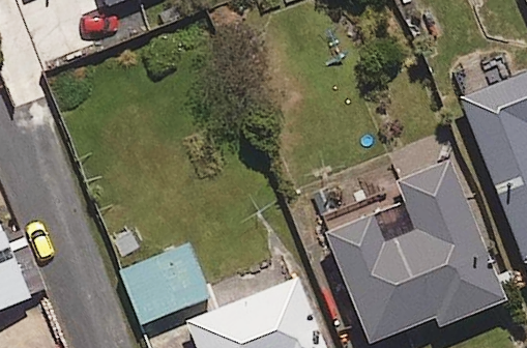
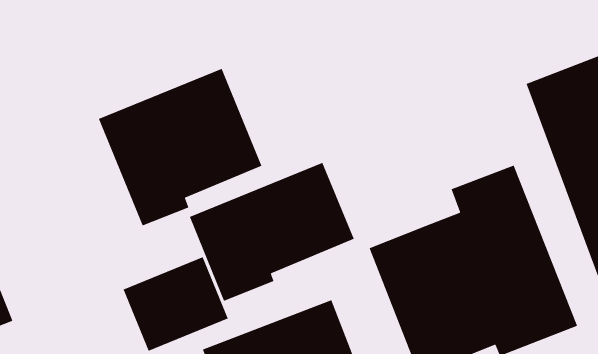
building: none -> [98,68,263,227]
building: none -> [189,162,355,302]

